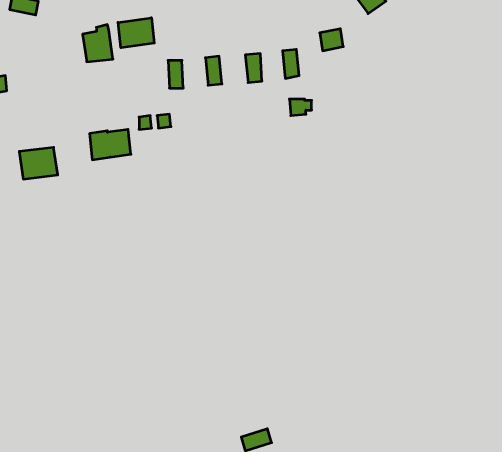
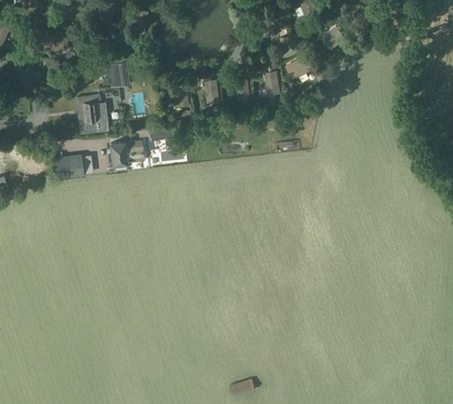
building: [118,18,154,48] -> none
building: none -> [78,94,109,131]

